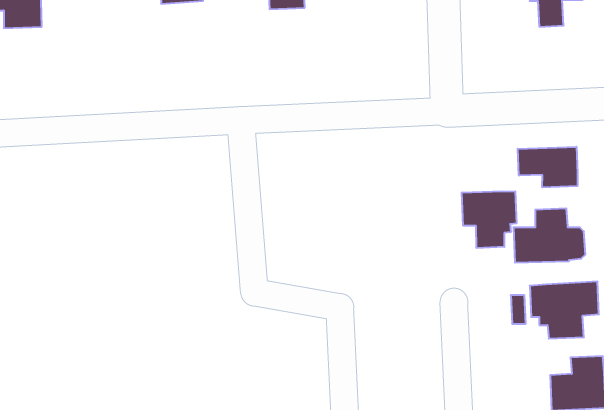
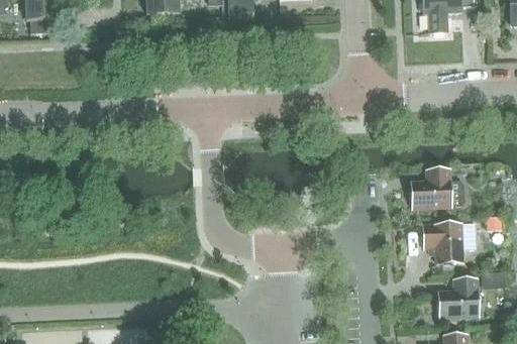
building: [518,147,578,187] -> none
building: [462,191,516,248] -> none

